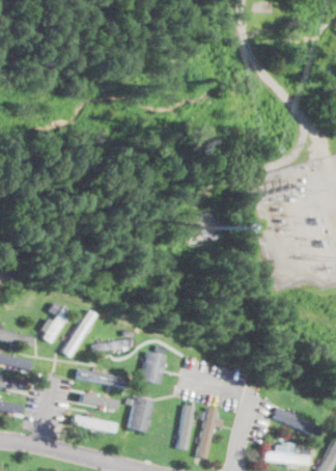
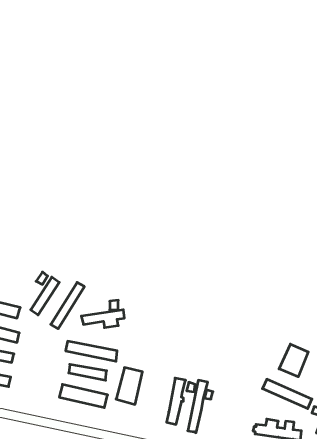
building: [140,350,165,384] -> none
building: none -> [279,344,308,377]

